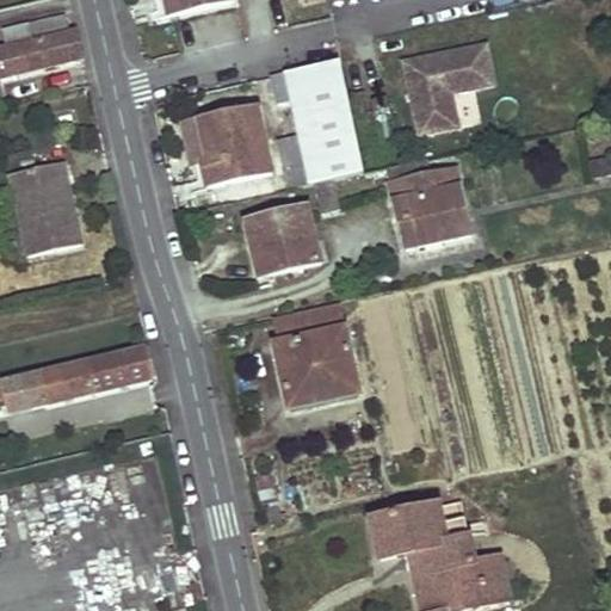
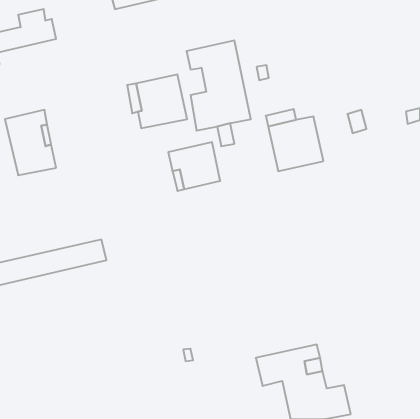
building: [403,44,493,135] -> none
building: [272,304,356,401] -> none

